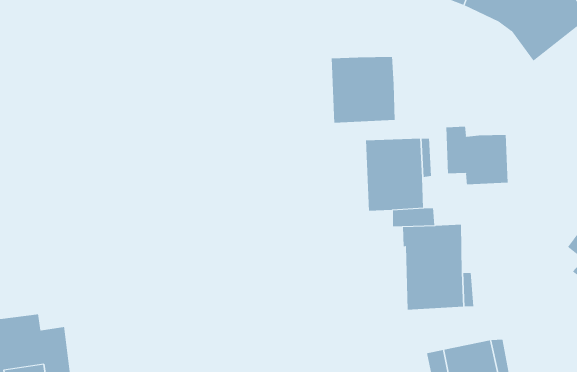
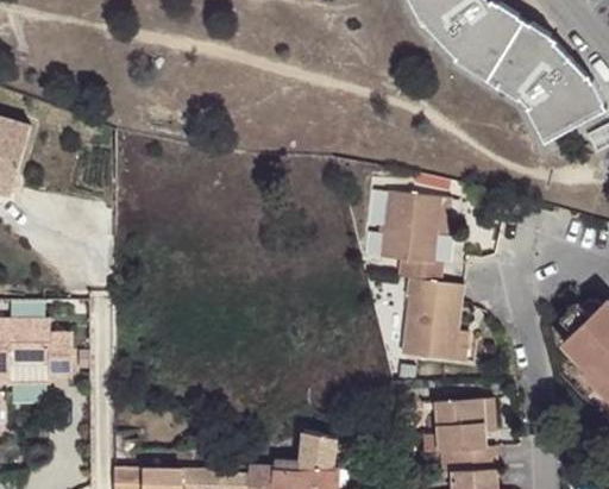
building: [331,56,395,123] -> none
building: [446,126,508,185] -> none

